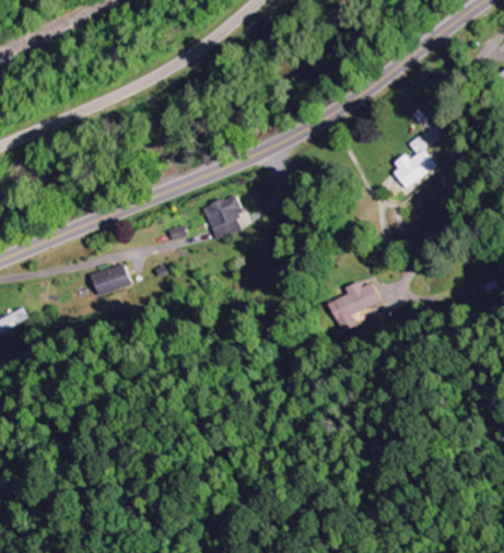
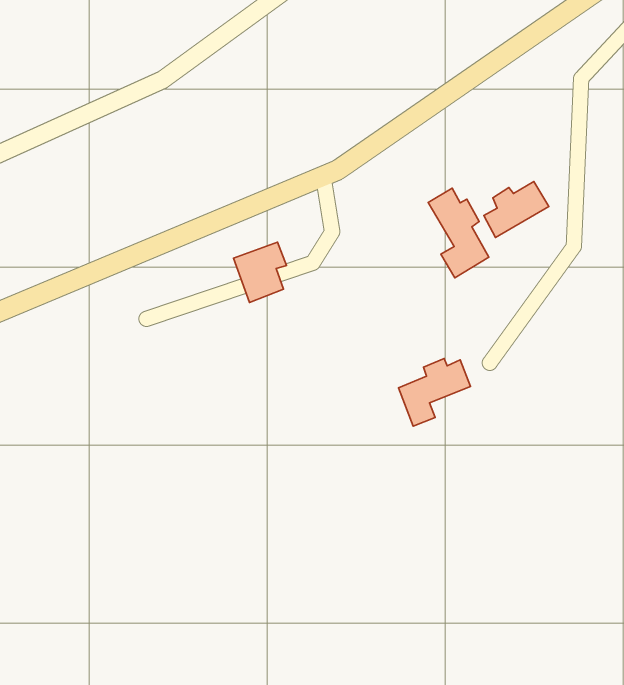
building: none -> [428,188,489,278]
building: [91,263,131,294] -> none

